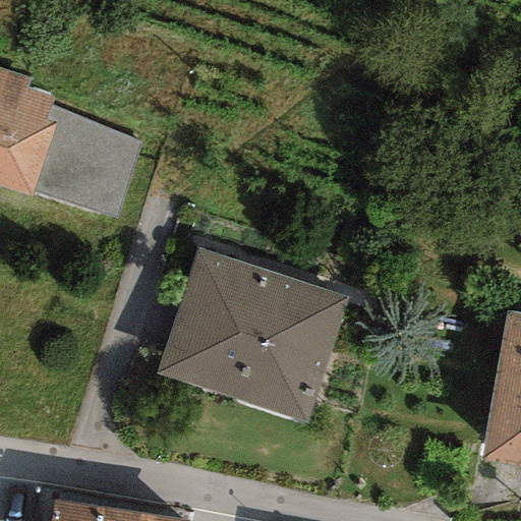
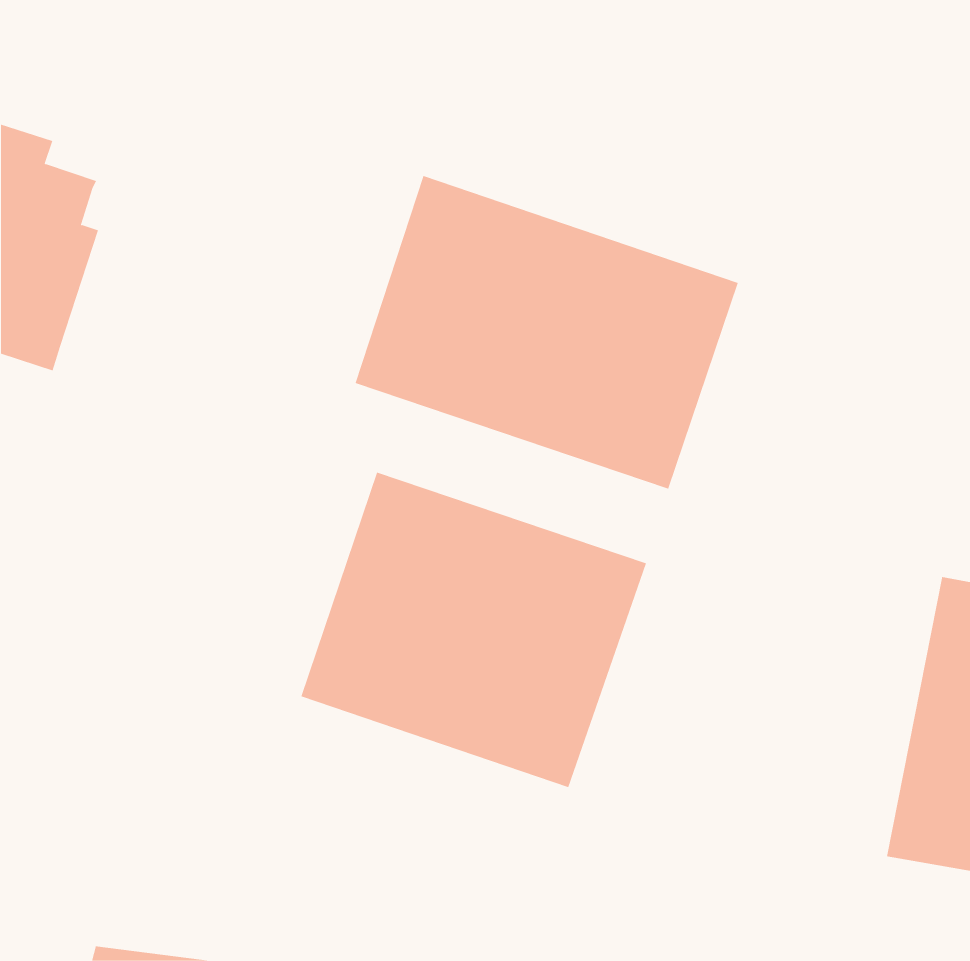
building: none -> [355,175,739,490]
building: [34,101,138,216] -> none

